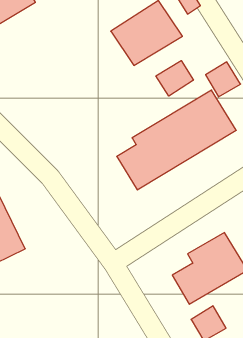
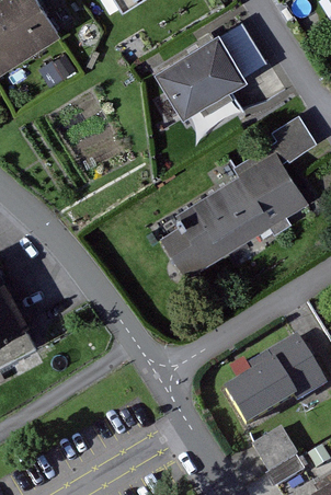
building: [156,61,193,96] -> none

